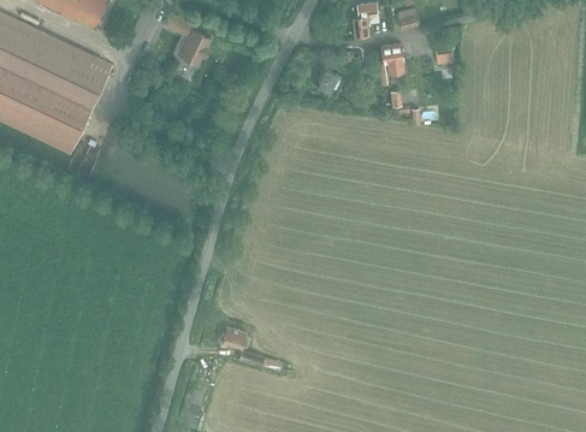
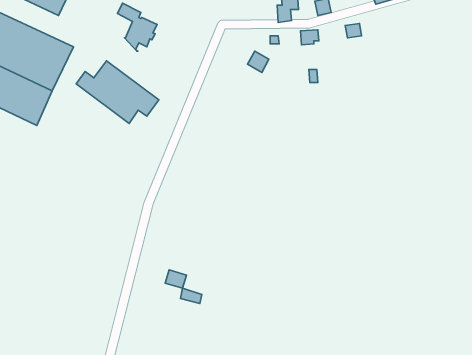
building: none -> [76,61,159,123]

